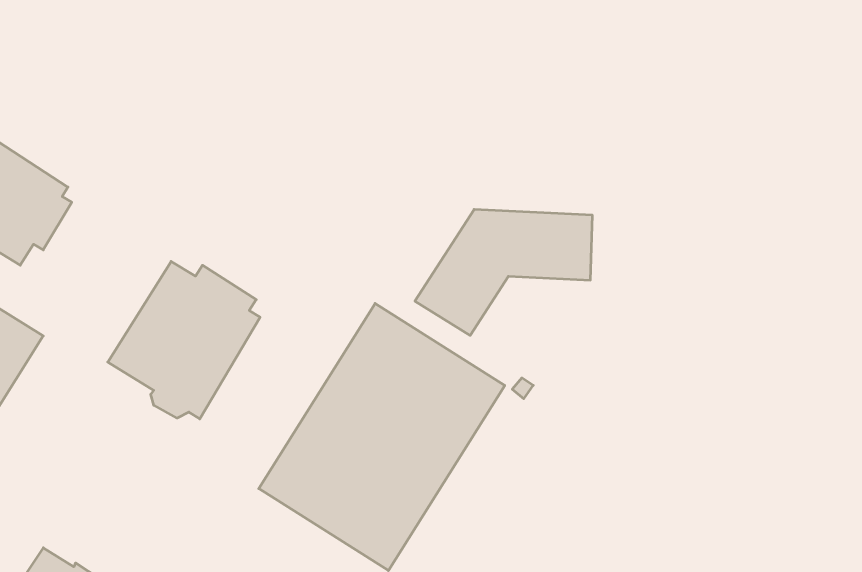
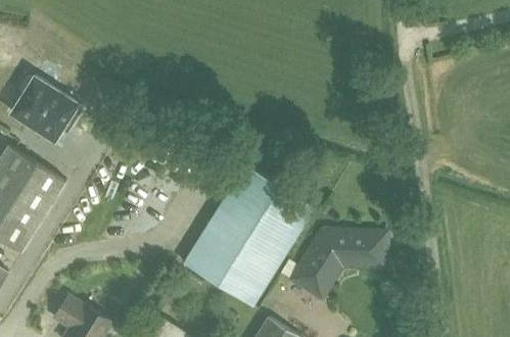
building: [415,209,592,335] -> [292,232,387,299]
building: [108,261,260,419] -> none

